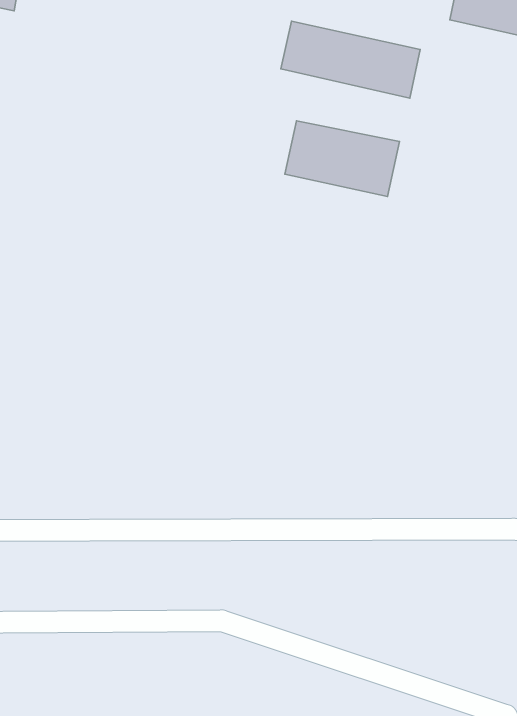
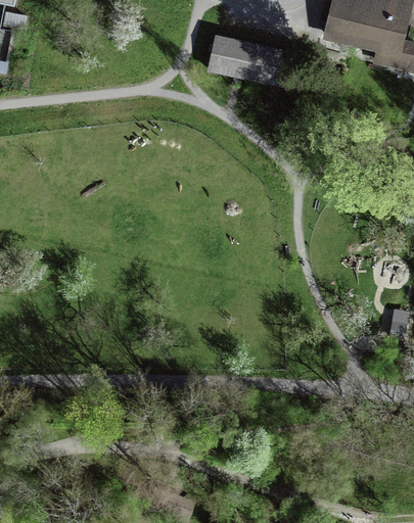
building: [285,121,400,197] -> none

